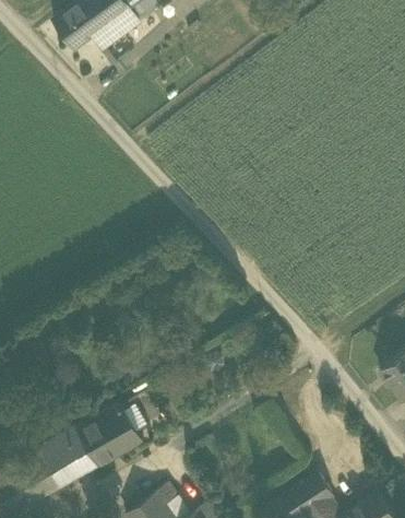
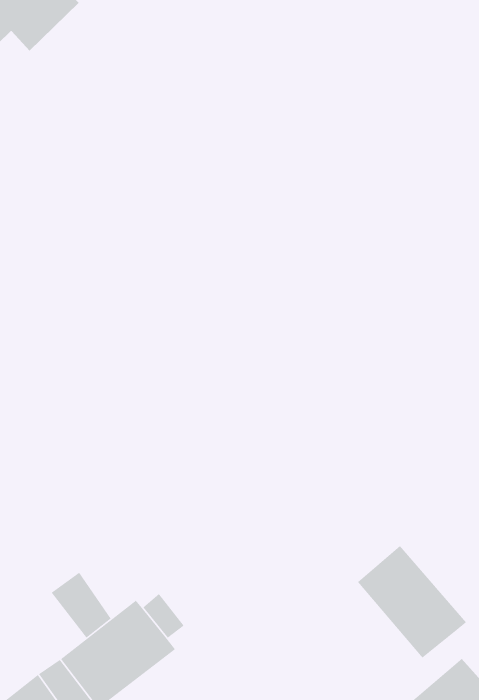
building: none -> [51,572,112,639]
building: none -> [357,545,467,658]

